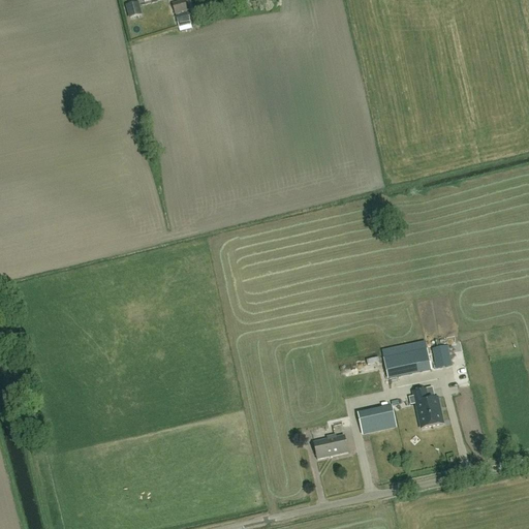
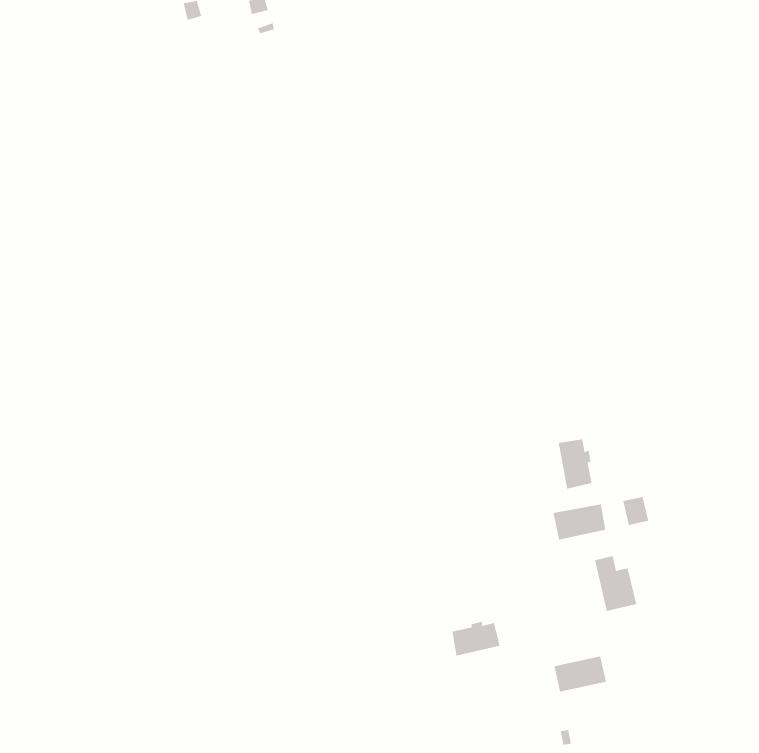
building: none -> [558,438,592,490]
building: [359,405,396,431] -> [553,655,607,693]

